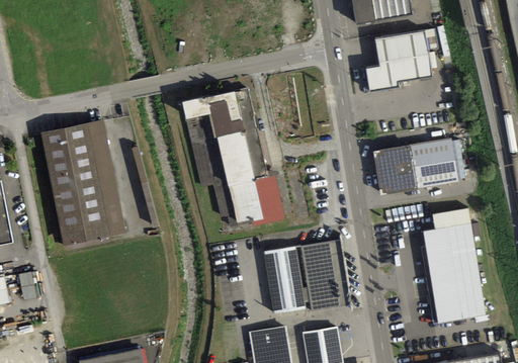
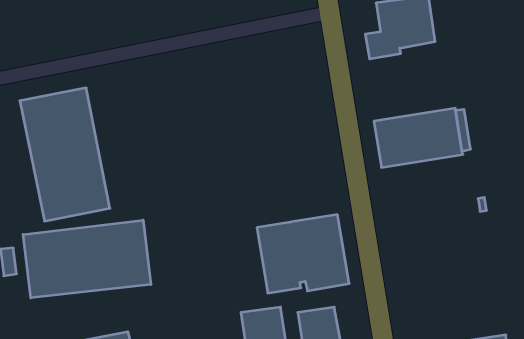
building: [183,89,285,228] -> none
building: [422,209,484,324] -> none
building: none -> [23,220,151,298]

